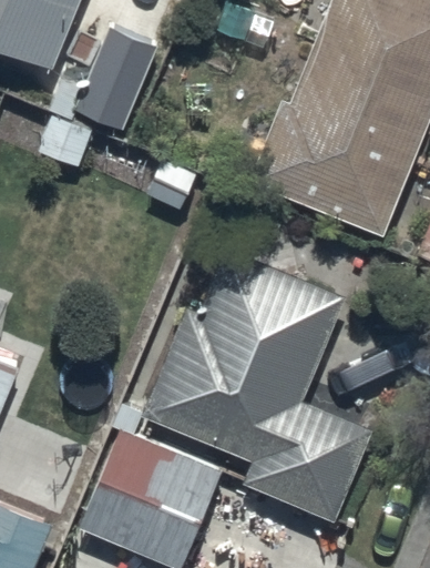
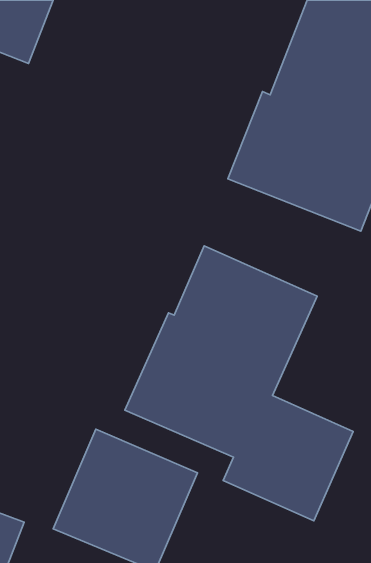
building: [41,31,156,169] -> none

